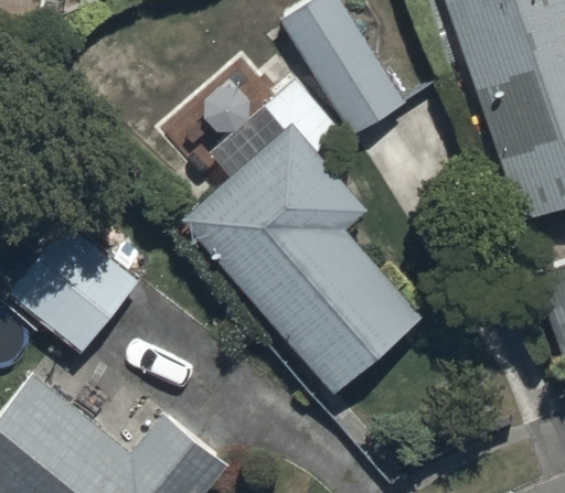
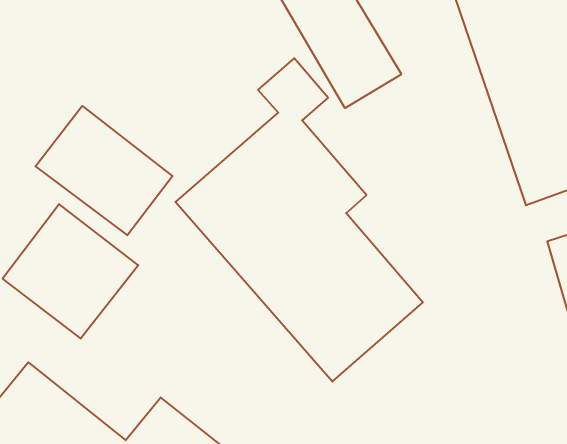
building: none -> [35,106,173,235]

